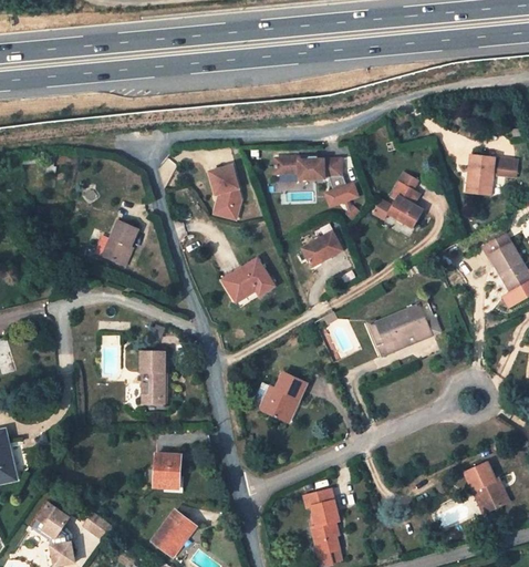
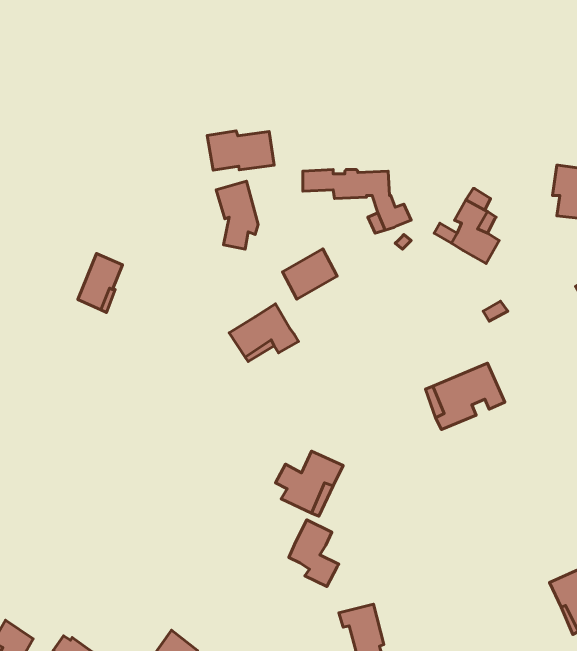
building: none -> [207,131,274,170]
building: [301,230,343,269] -> [282,249,337,299]
building: [141,352,165,401] -> none
building: none -> [289,520,339,587]
building: [154,453,179,487] -> none

